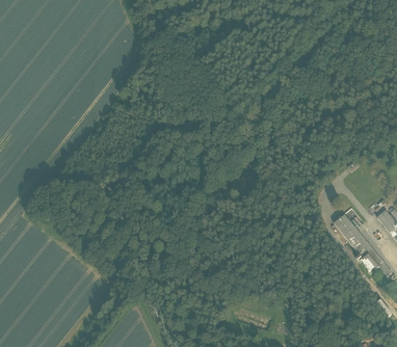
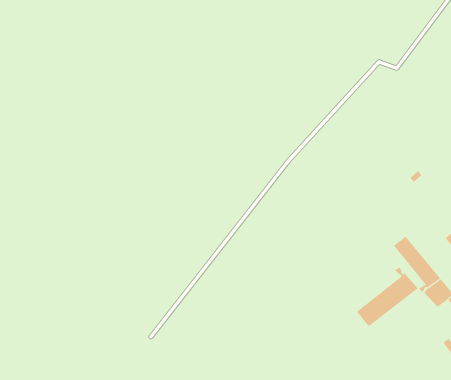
building: none -> [356,267,418,327]

